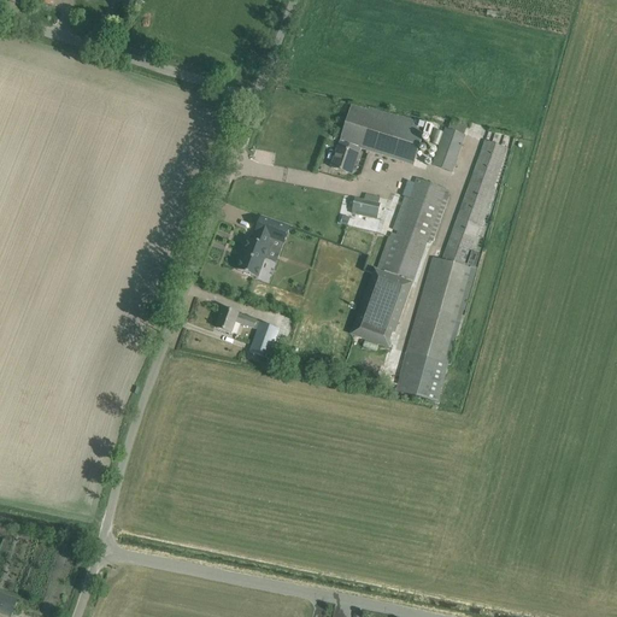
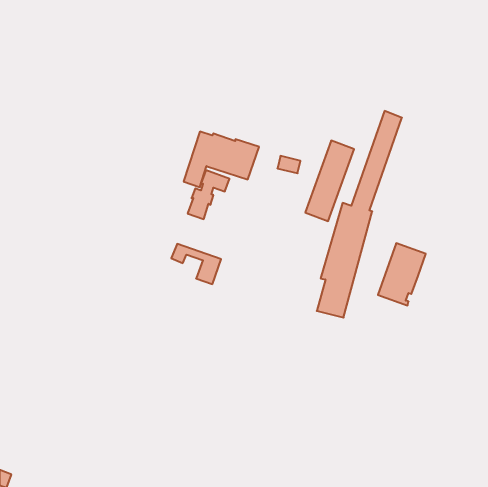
building: [330,104,425,174] -> [184,132,259,187]
building: [430,127,465,172] -> none
building: [351,268,411,346] -> [378,243,426,305]

